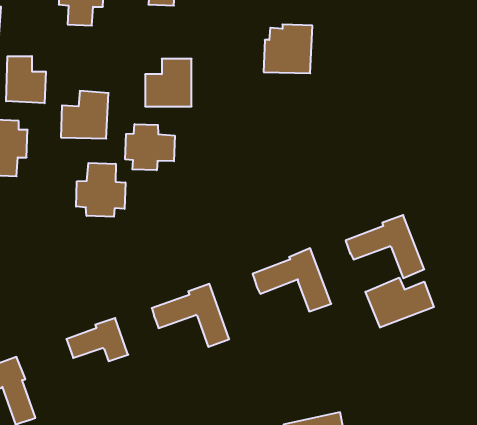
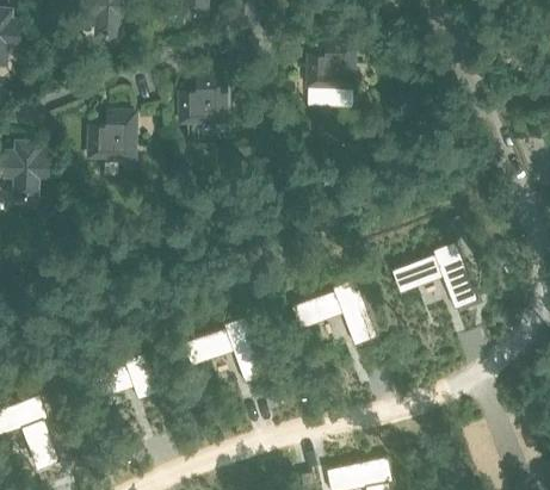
building: [6,56,46,103] -> none
building: [125,124,175,170] -> none
building: [76,163,125,217] -> none
building: [365,278,434,328] -> none

